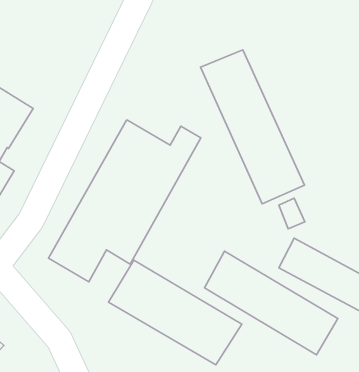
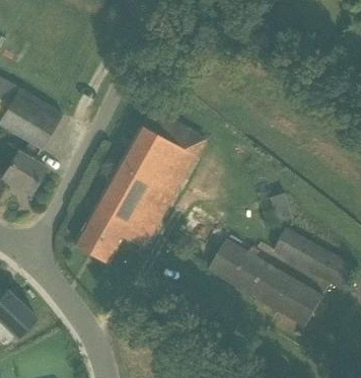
building: [200,50,304,204] -> none
building: [109,260,242,365] -> none

